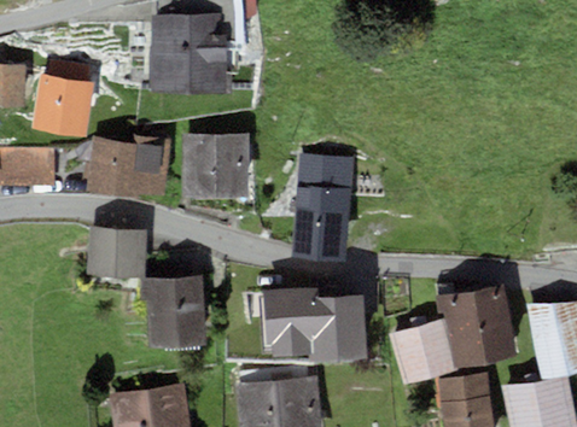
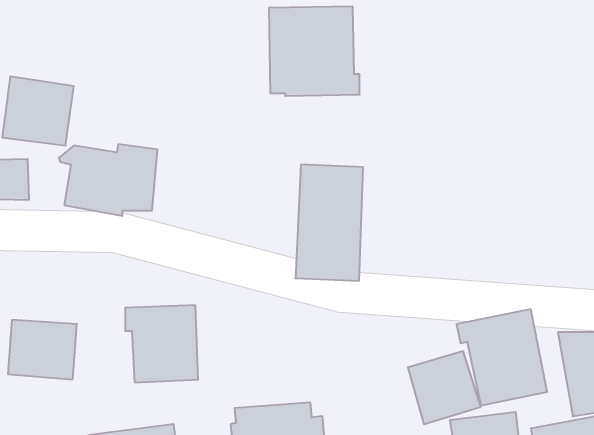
building: [150,13,231,93] -> [269,7,360,96]
building: [181,134,249,198] -> none
building: [87,227,148,280] -> [8,320,77,379]
building: [260,287,367,362] -> none

